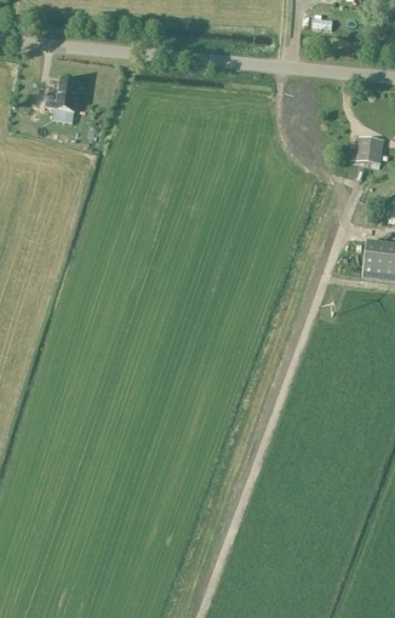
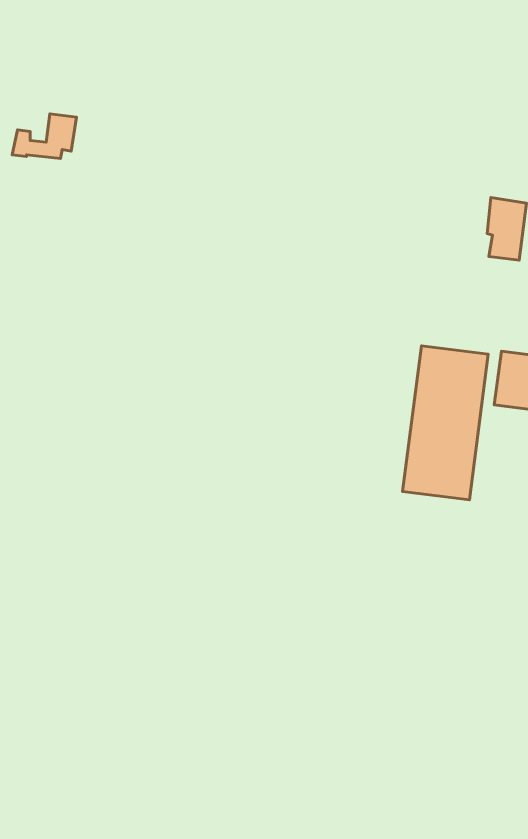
building: none -> [403,346,488,500]

